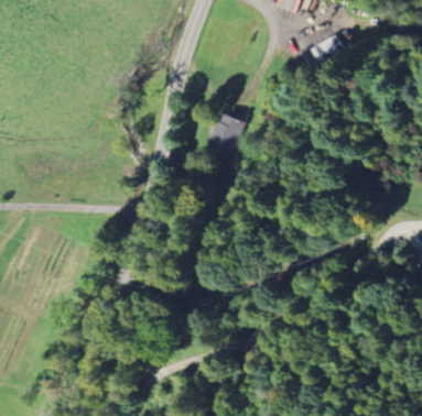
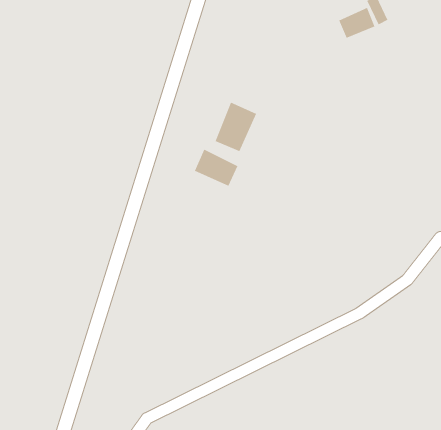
building: none -> [194,149,239,187]

